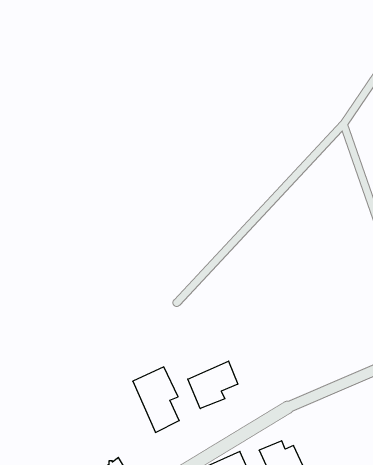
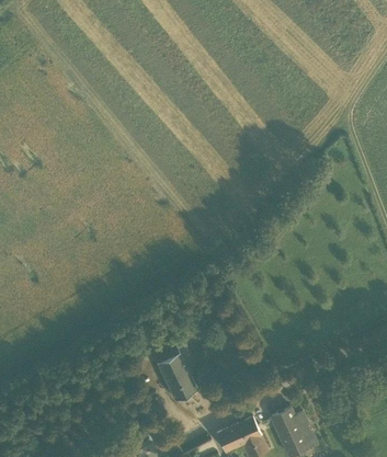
building: [188,361,238,409] -> none

